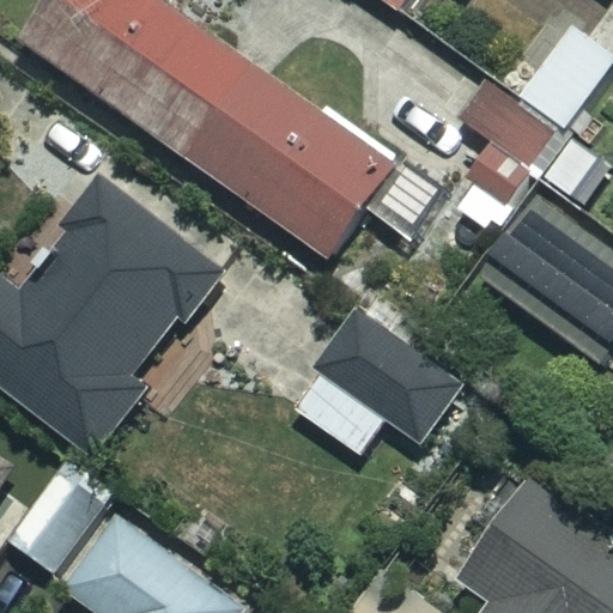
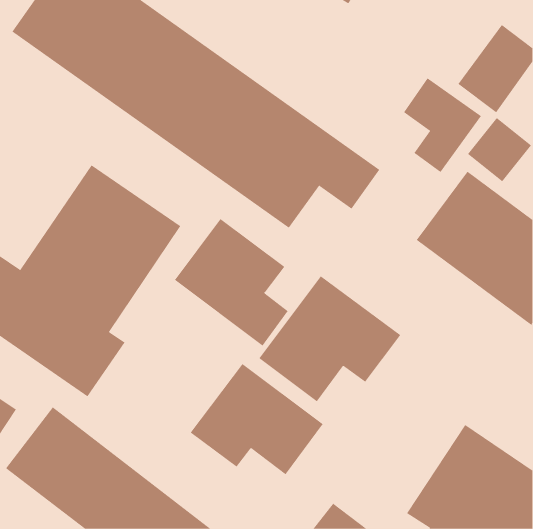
building: none -> [174,218,289,347]
building: none -> [190,363,324,475]

